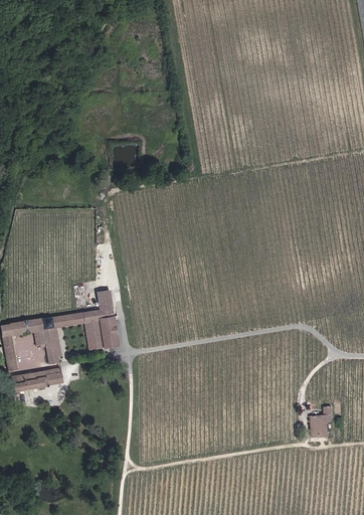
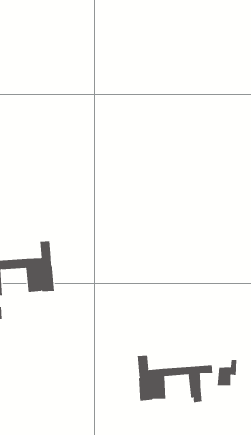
building: none -> [137,355,213,403]

